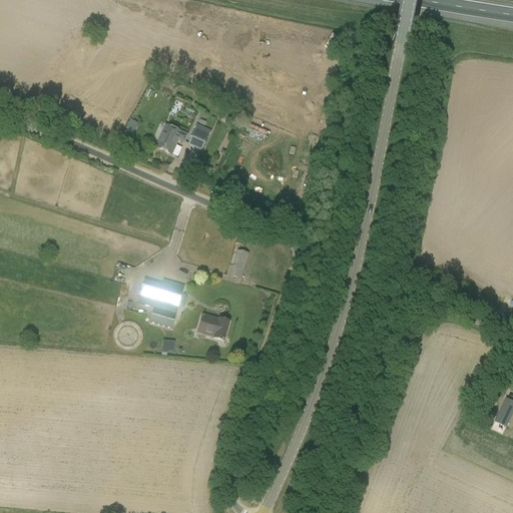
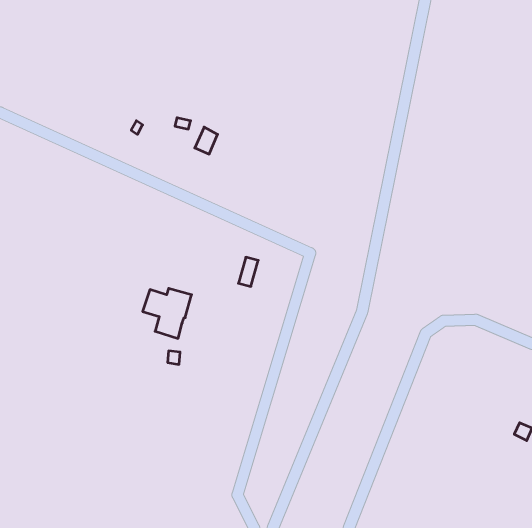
building: [156,123,186,151] -> none
building: [197,313,229,339] -> none

